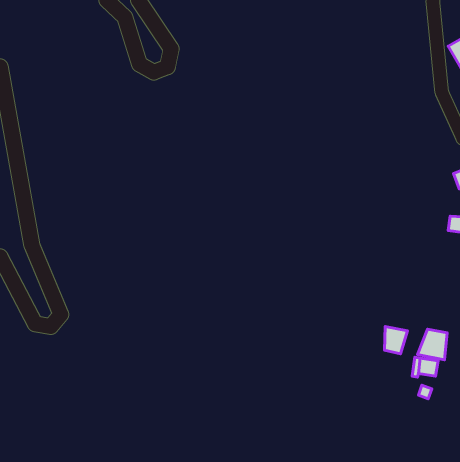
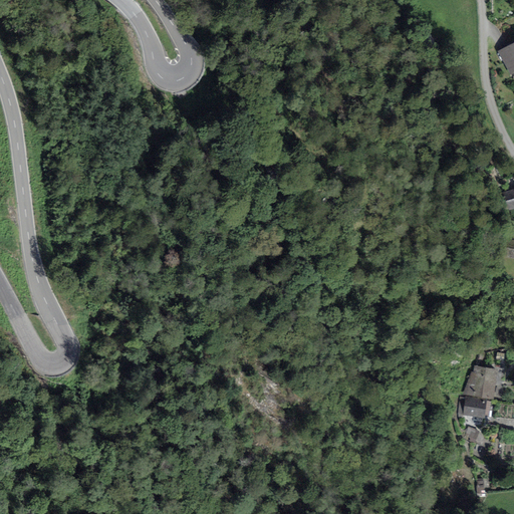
building: [384,326,407,354] -> none

